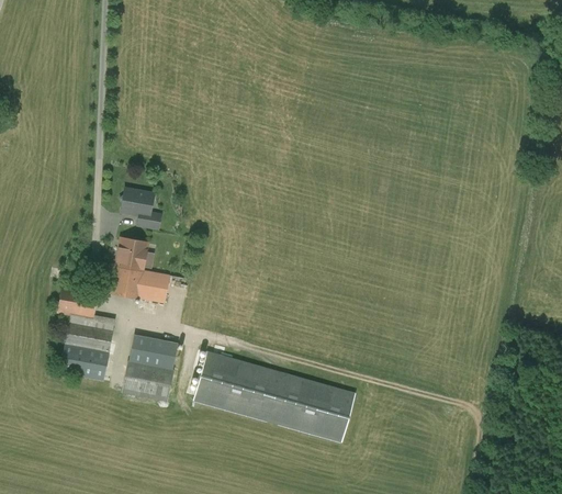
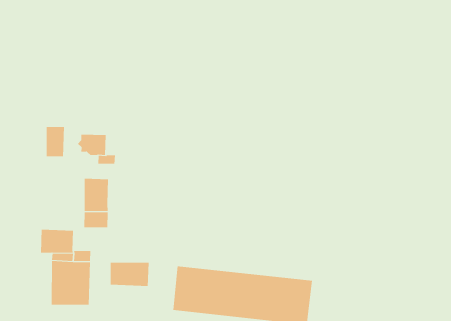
building: none -> [46,126,64,157]
building: [138,270,170,302] -> none
building: [123,360,172,400] -> none

